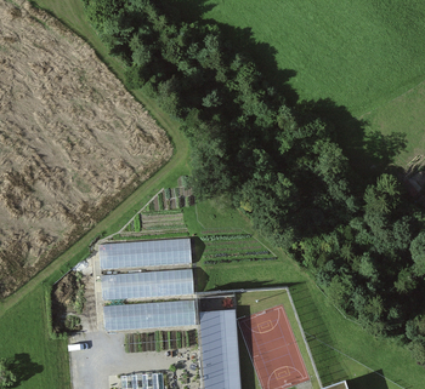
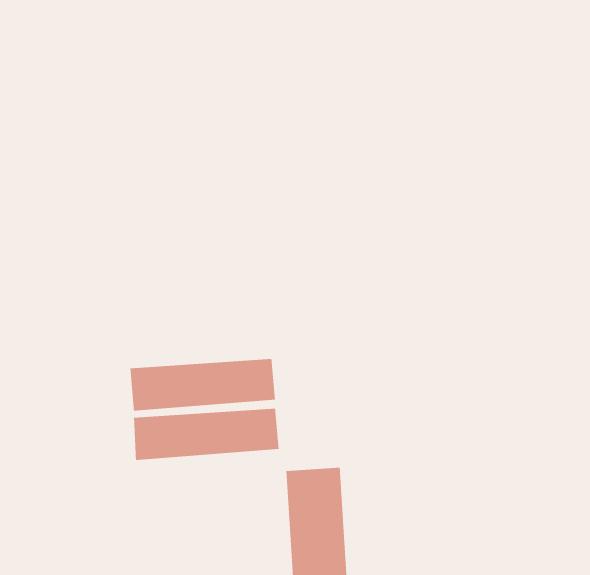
building: [103,299,197,333] -> none

